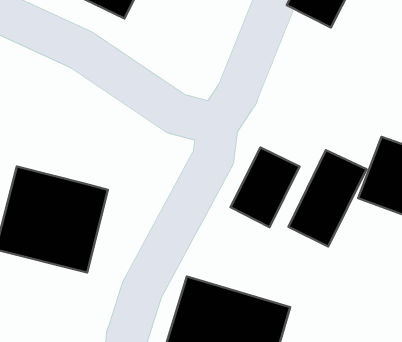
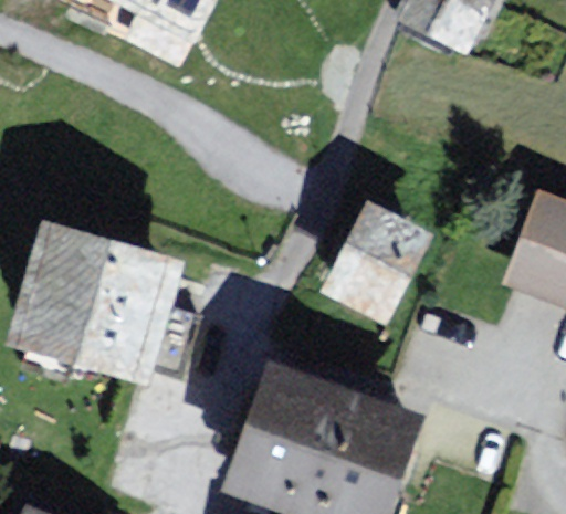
building: [288,150,366,247] -> none

